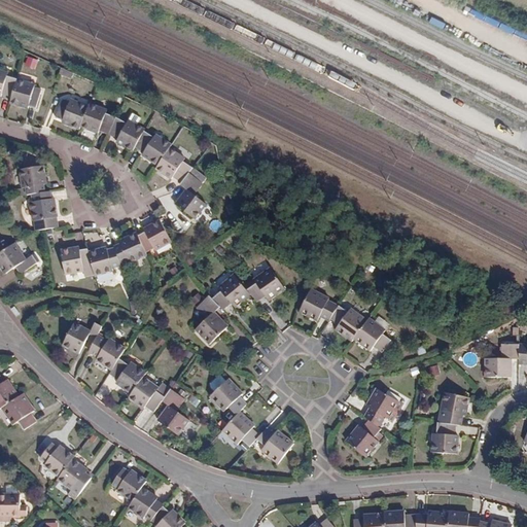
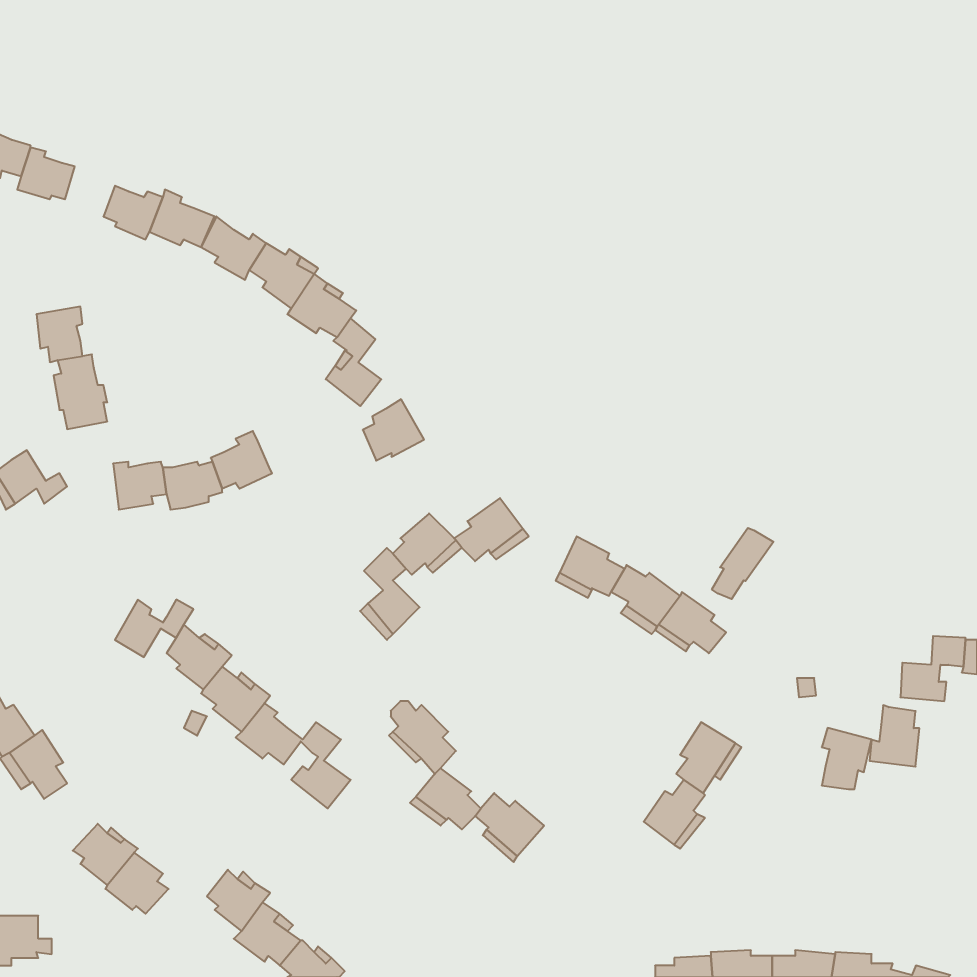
building: [138,219,171,252] -> [363,399,424,461]
building: none -> [712,528,773,599]
building: [431,421,458,454] -> [870,705,919,767]

